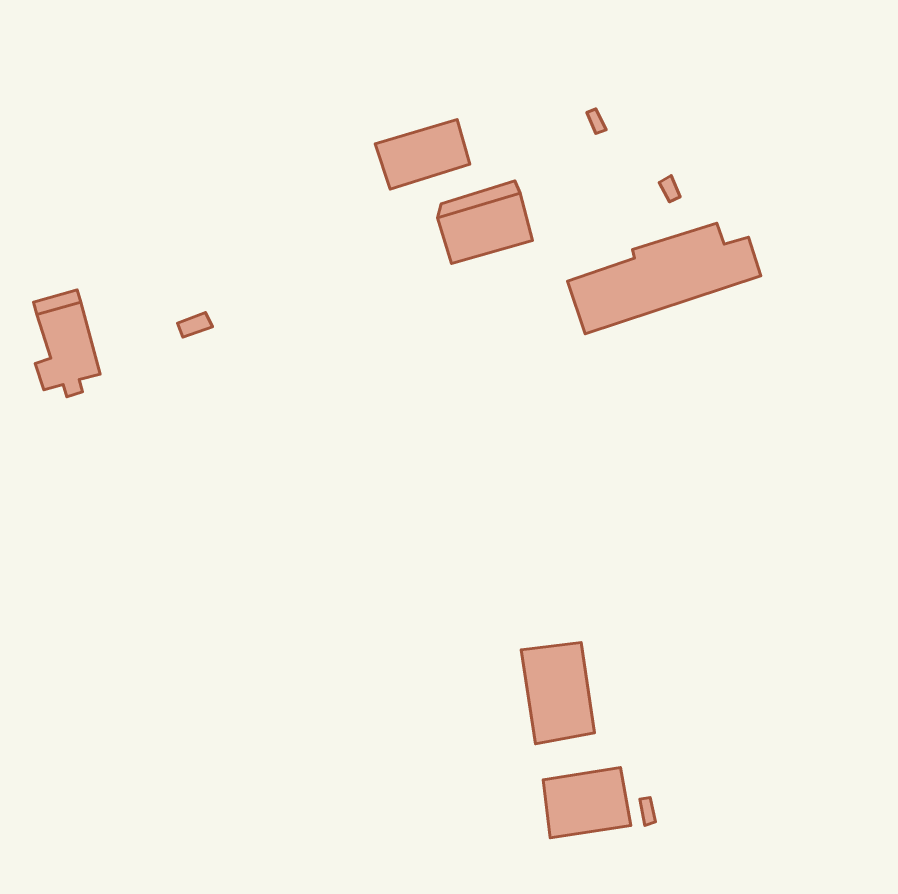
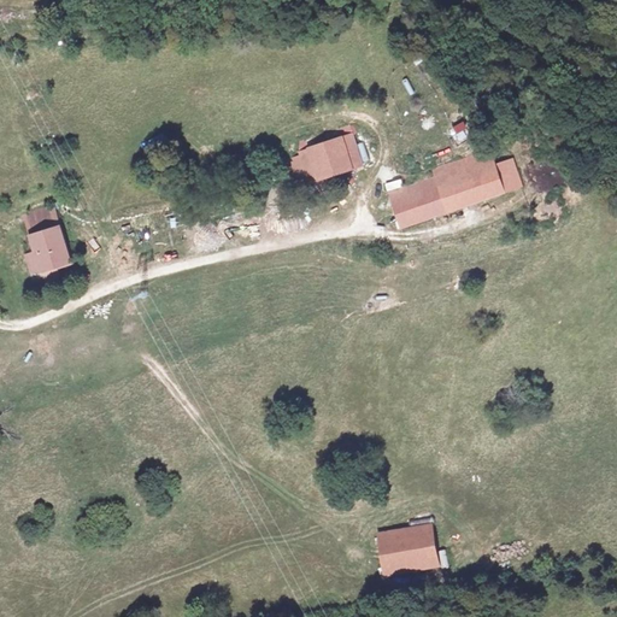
building: [375,120,470,189] -> none
building: [521,643,594,744] -> none

